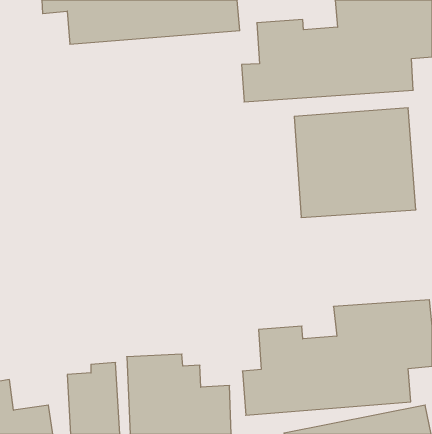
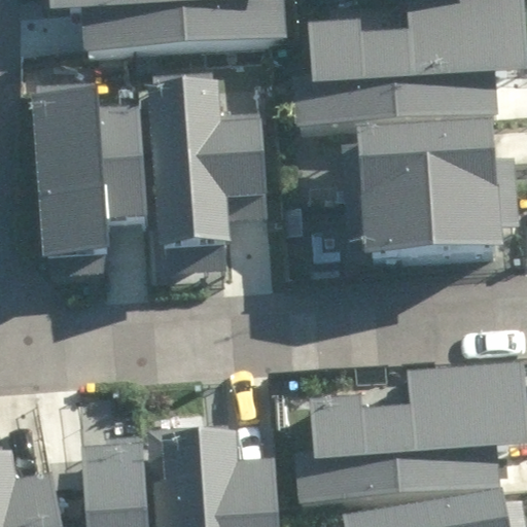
building: none -> [150,91,270,256]
building: none -> [34,101,148,267]

